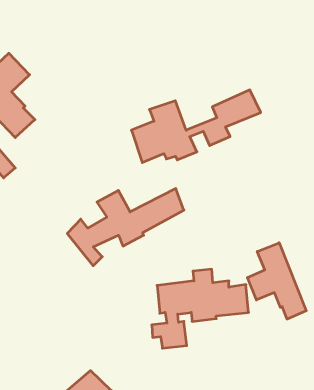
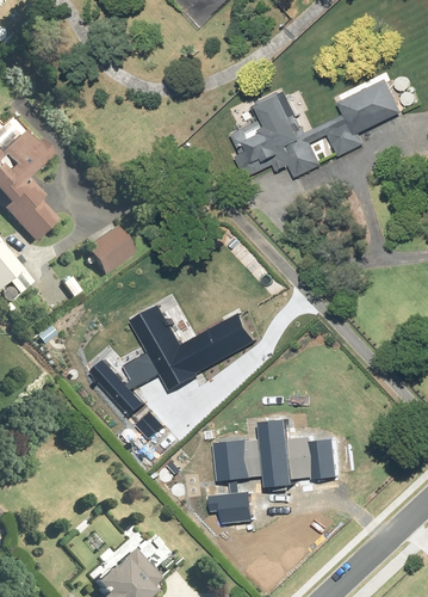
building: [131,90,261,163] -> [231,80,403,177]
building: none -> [80,226,132,275]
building: [247,243,306,319] -> none

